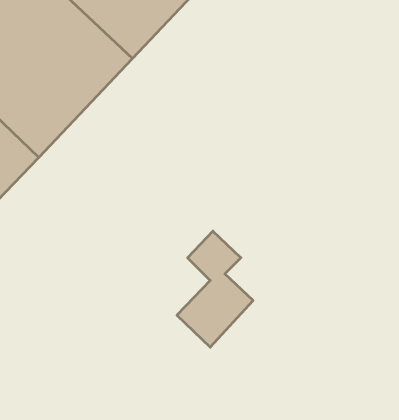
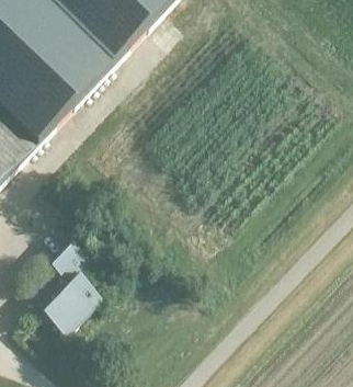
building: [177,231,253,347] -> [38,239,101,334]

